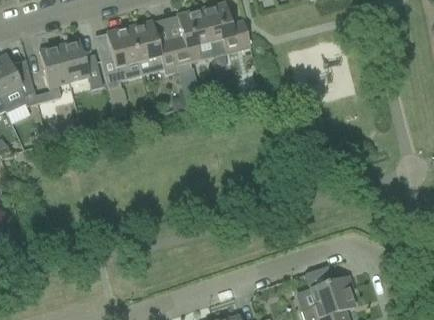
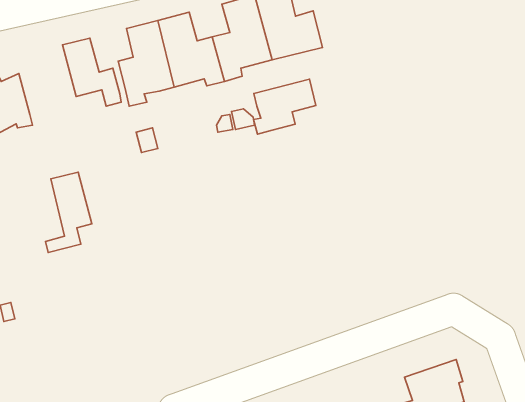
building: [35,44,69,103] -> [45,172,92,252]
building: none -> [254,79,316,134]

